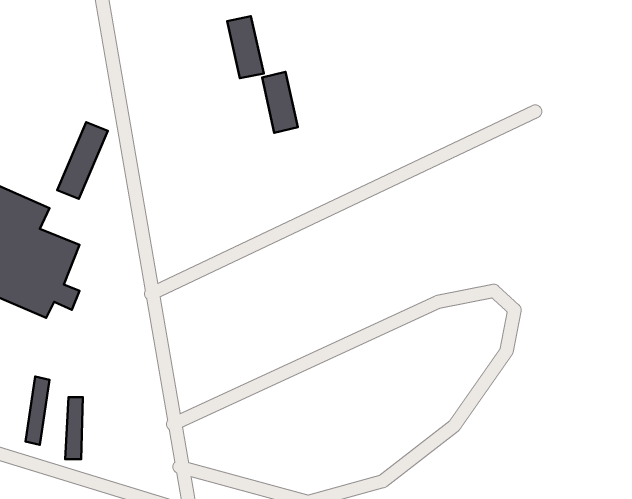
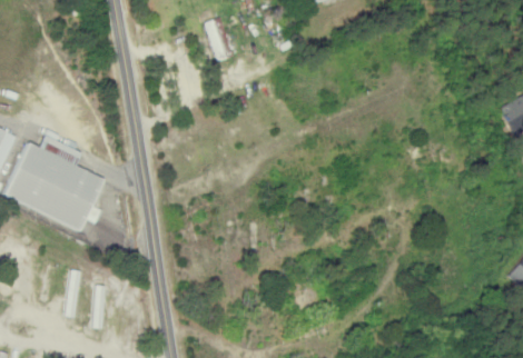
building: [262,72,298,133] -> none
building: [57,122,108,199] -> none

